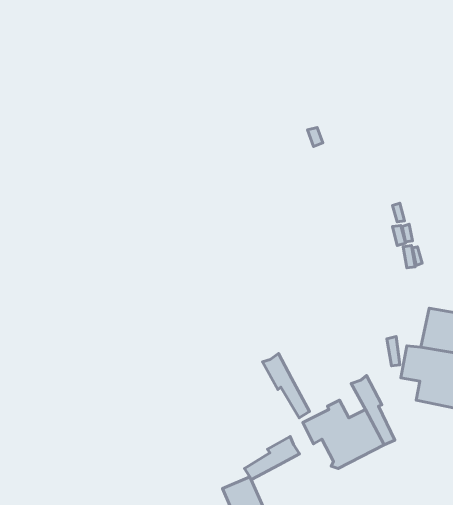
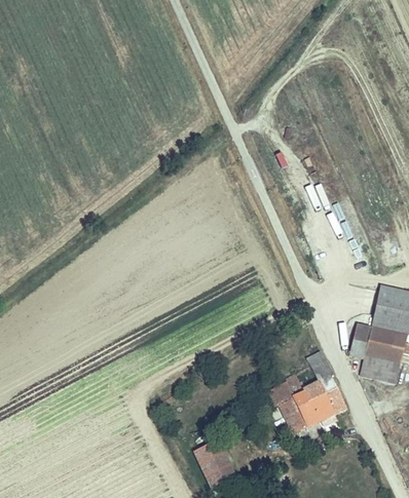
building: [263,353,309,418] -> none
building: [245,437,300,480] -> none

